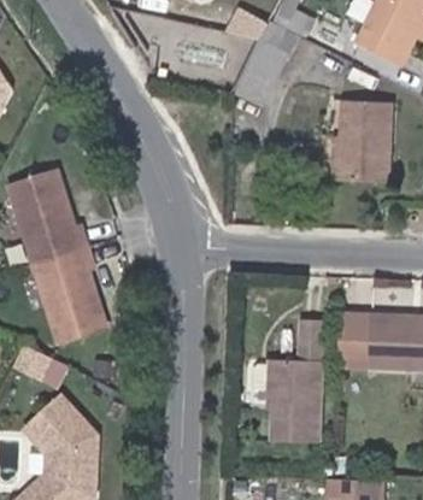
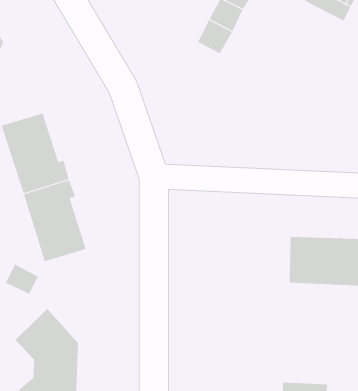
building: [339,101,390,183] -> none
building: [251,322,323,442] -> none

